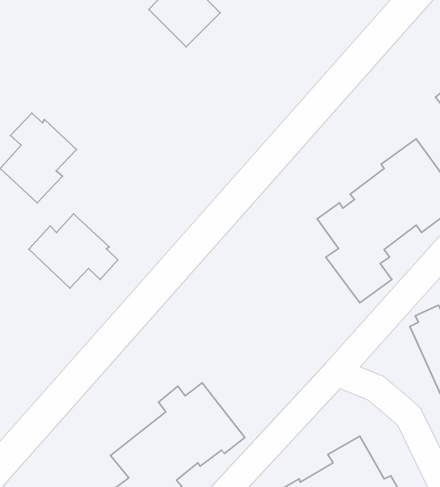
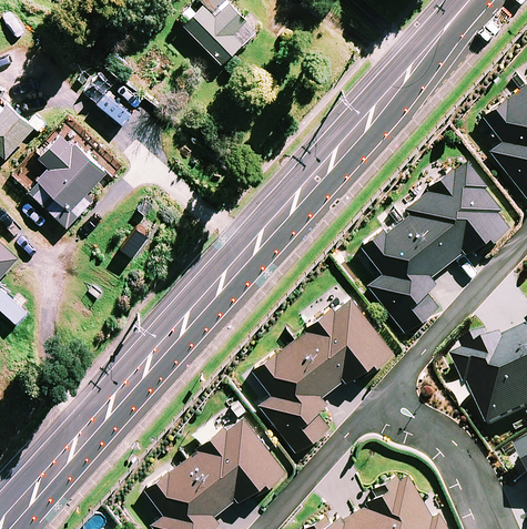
building: [29,214,118,288] -> none
building: none -> [251,299,393,454]

